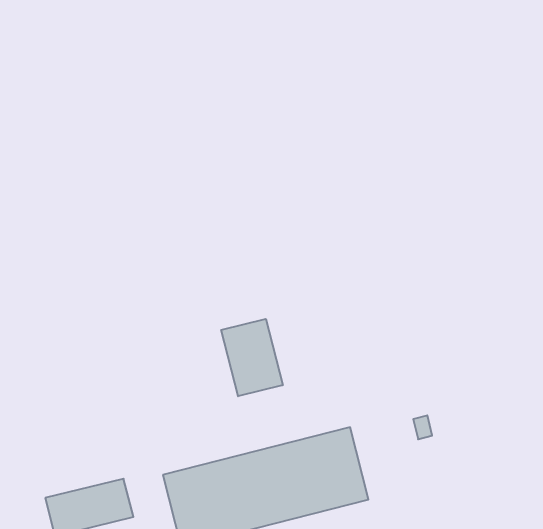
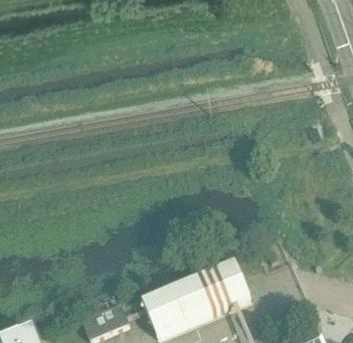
building: [221,319,283,396] -> none

